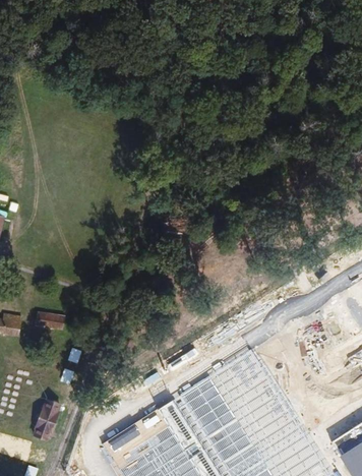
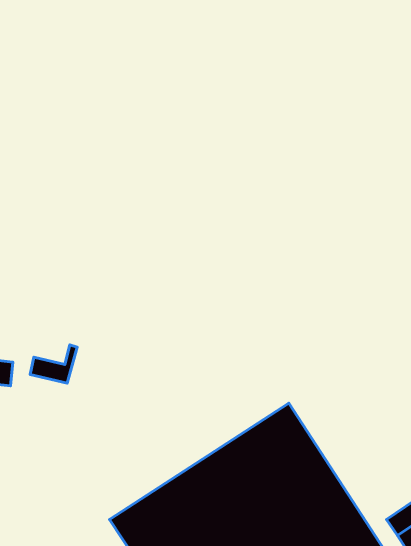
building: [39,395,64,436] -> none

